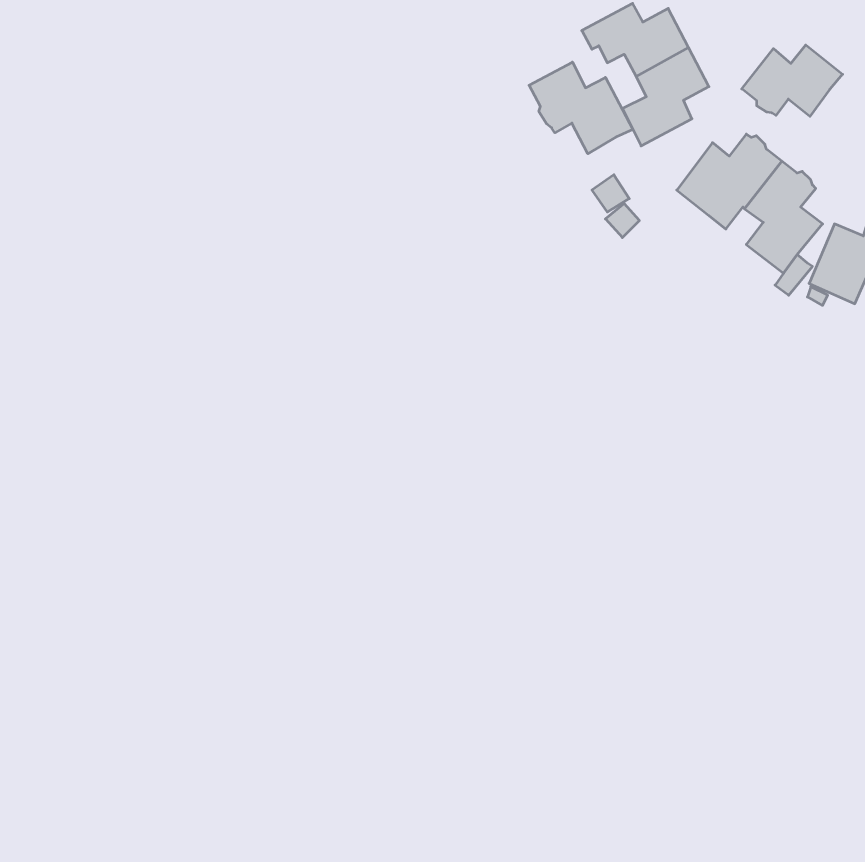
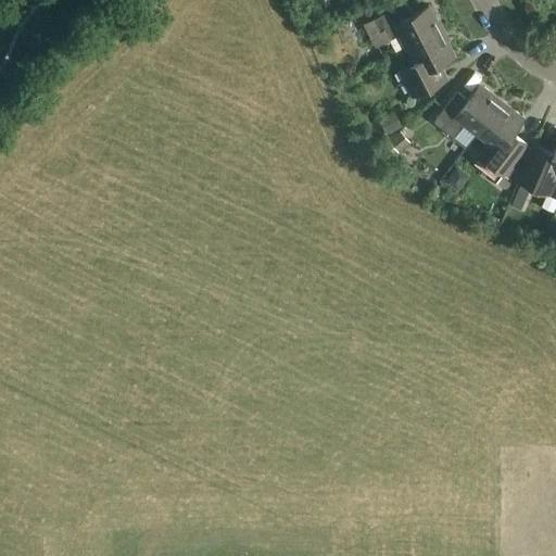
building: [742,45,843,116] -> none
building: [529,62,633,154] -> none

